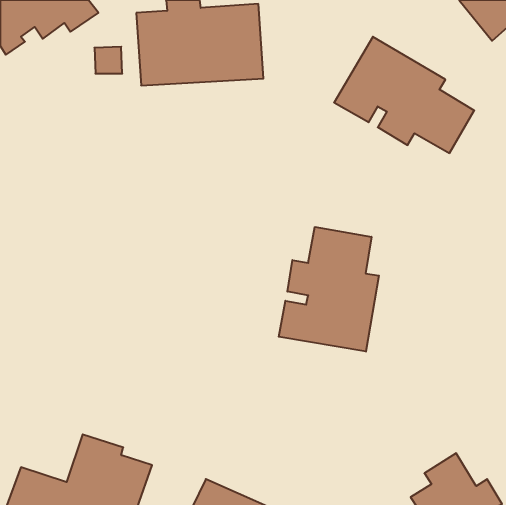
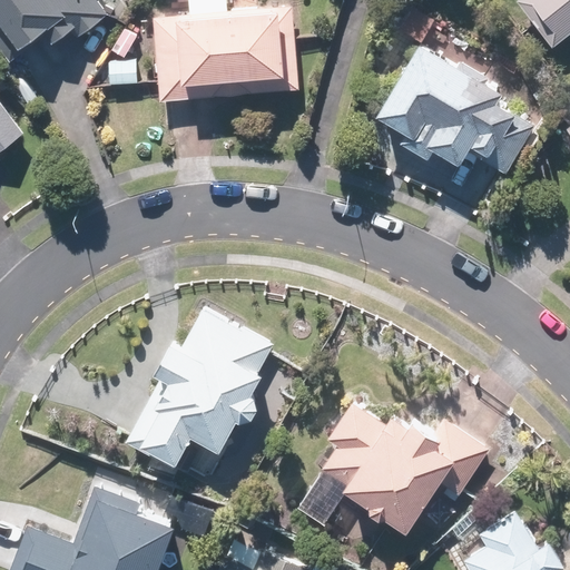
building: [279,227,379,352] -> none
building: none -> [129,311,274,466]
building: none -> [299,402,491,531]

